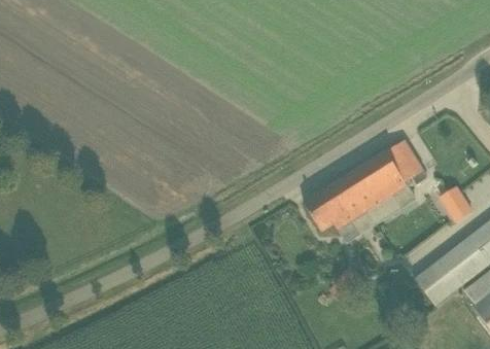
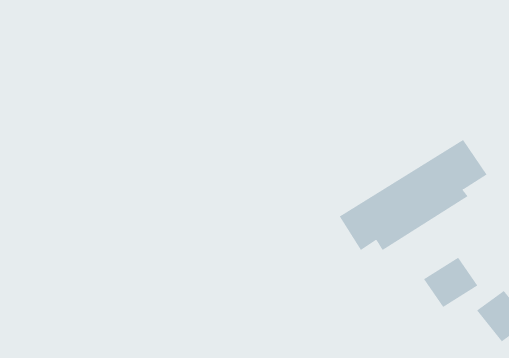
building: none -> [423,257,478,308]

